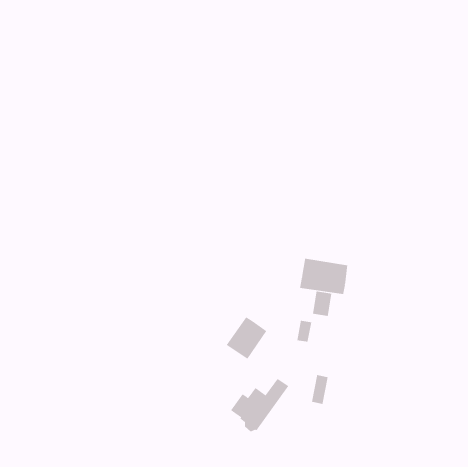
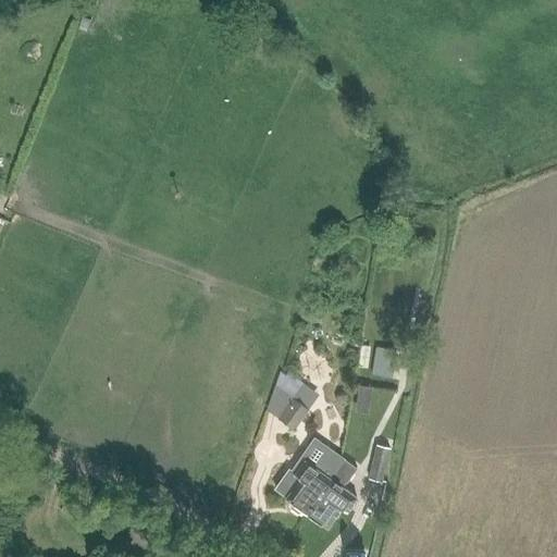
building: [300,258,348,295] -> none
building: none -> [305,458,355,527]

